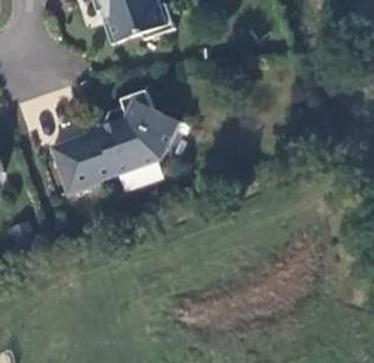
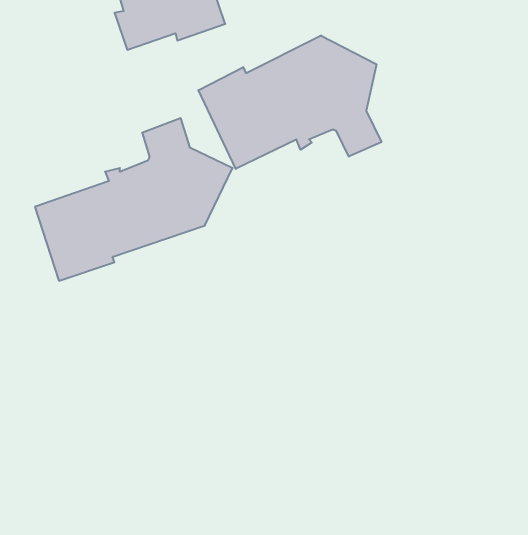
building: none -> [198,35,381,169]

